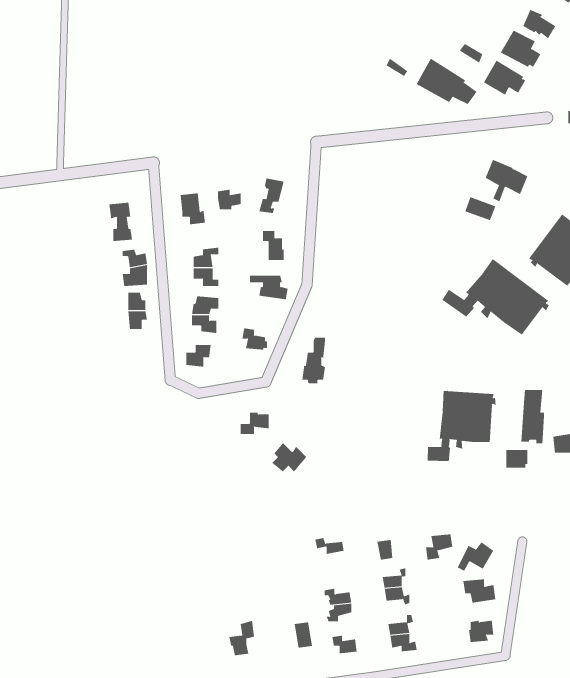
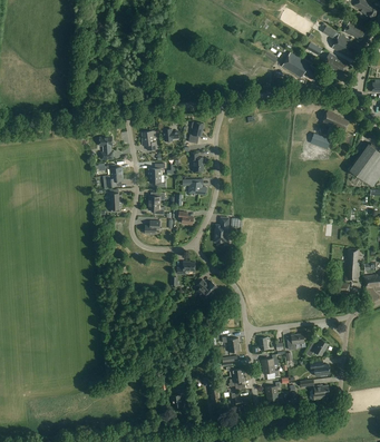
building: [442,258,550,335] -> none
building: [427,390,496,462] -> none

